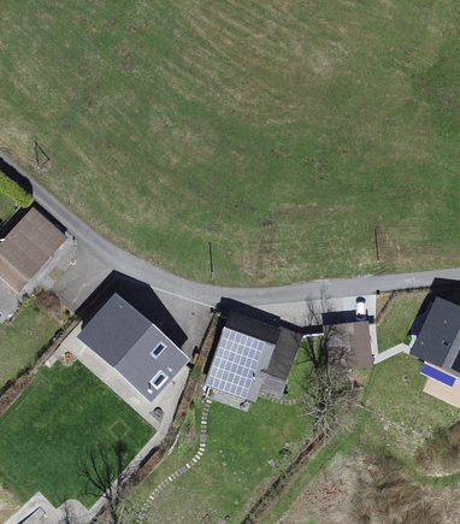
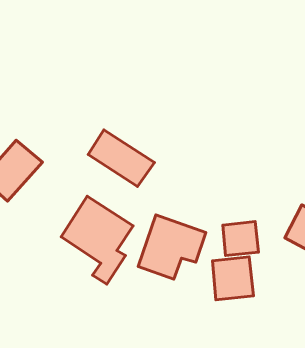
building: none -> [88,130,154,186]
building: none -> [212,257,253,300]

